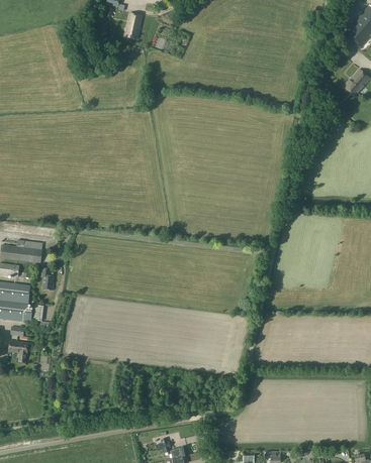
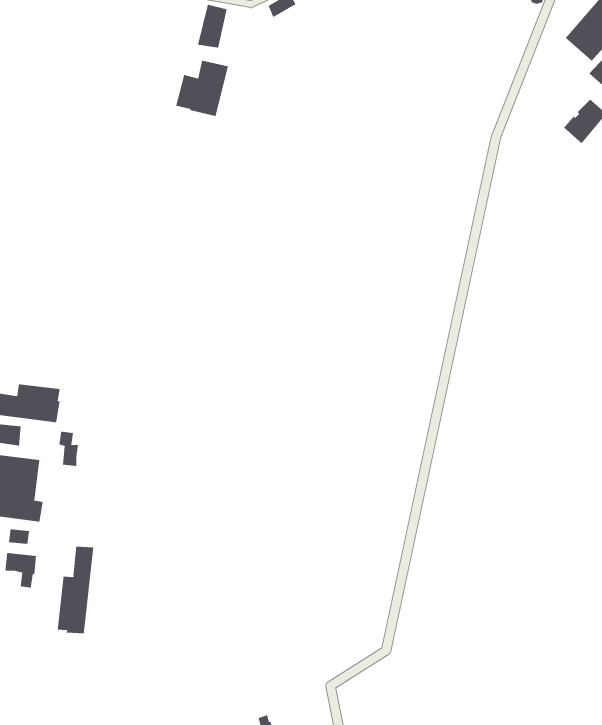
building: none -> [176,60,228,117]
building: none -> [57,546,94,634]

